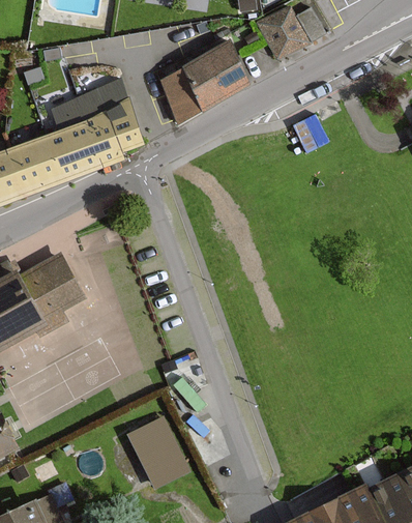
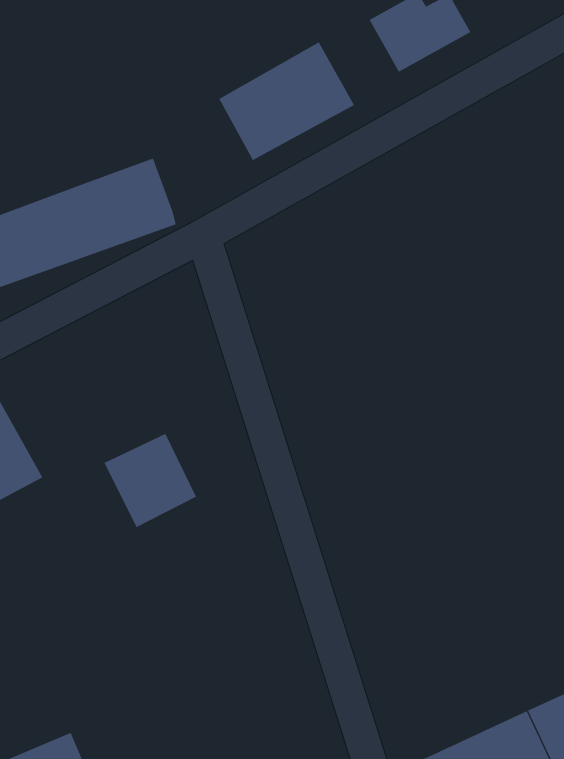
building: [57,82,146,150] -> none
building: [23,255,85,318] -> [104,433,197,528]
building: [124,414,186,485] -> none

